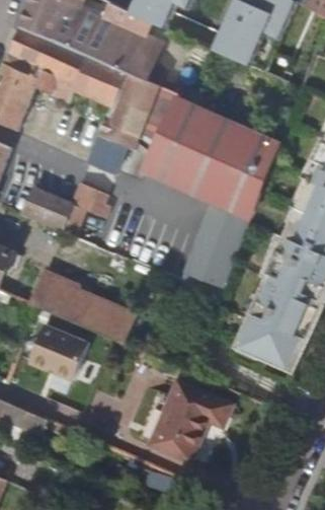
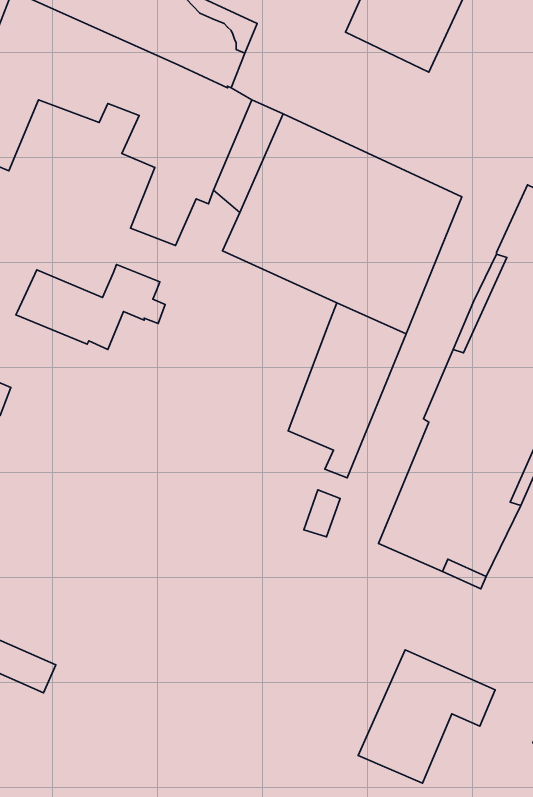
building: [30,272,134,342] -> none
building: [29,324,89,380] -> none
building: [151,380,231,458] -> [358,650,495,783]

